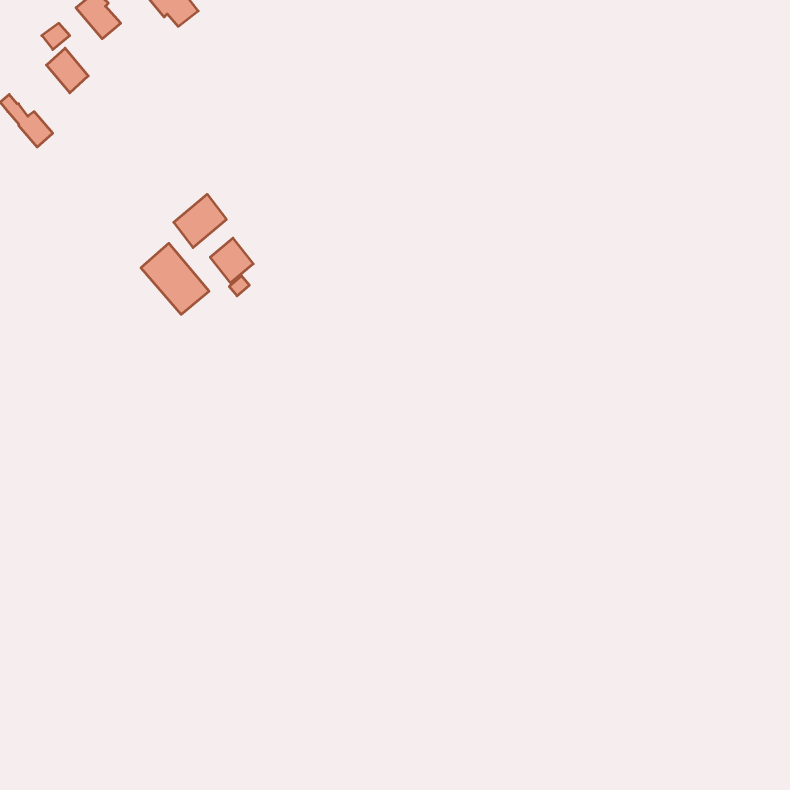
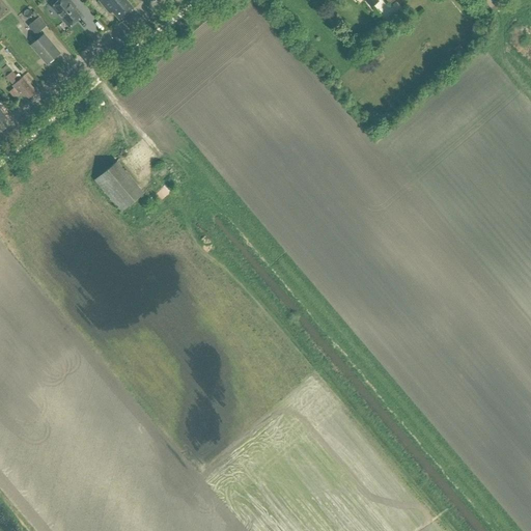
building: [174,194,226,248] -> none
building: [210,238,253,283] -> none

